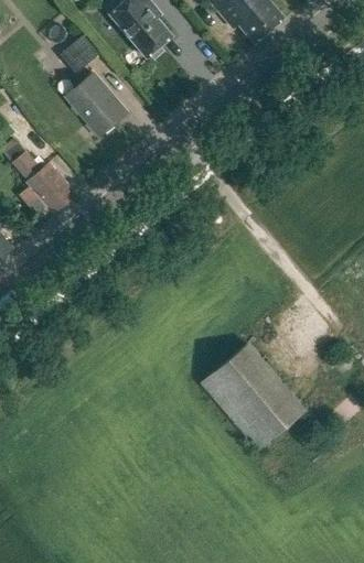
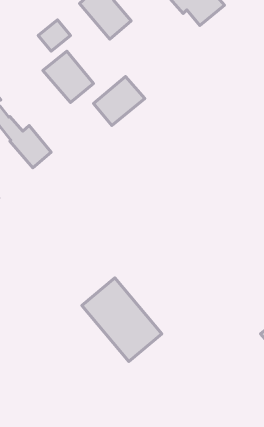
building: none -> [93,76,145,126]
building: [202,349,298,450] -> [82,278,162,361]

